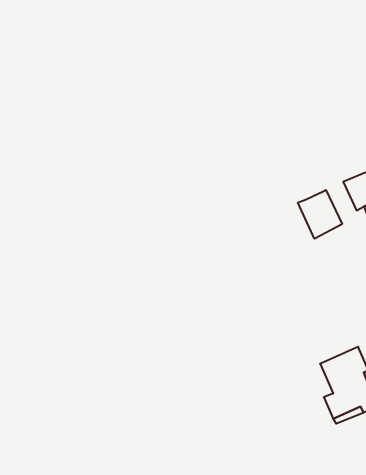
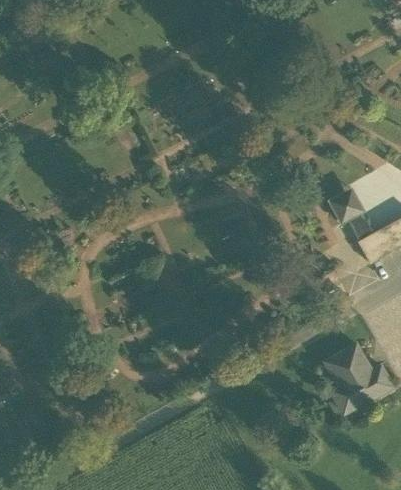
building: [298,190,342,239] -> none

